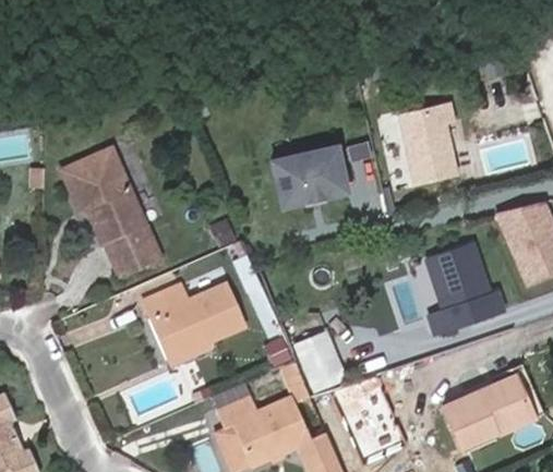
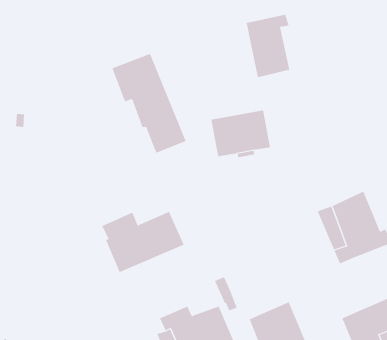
building: [406,107,461,186] -> [246,14,290,78]
building: [60,133,154,258] -> [111,53,186,154]
building: [292,326,344,386] -> none

